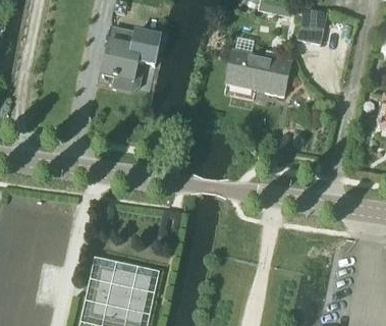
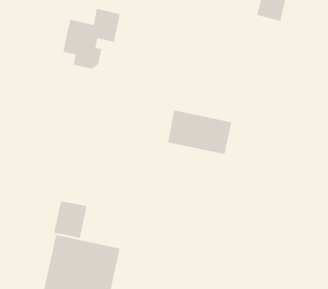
building: [226,49,291,94] -> [167,110,232,155]
building: none -> [54,200,87,238]

